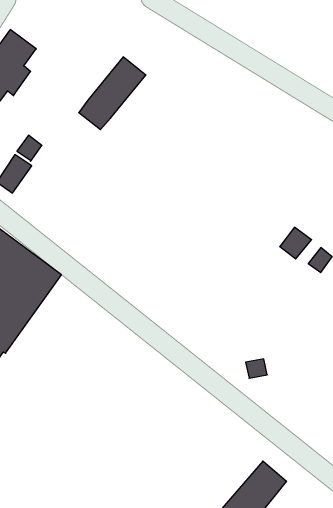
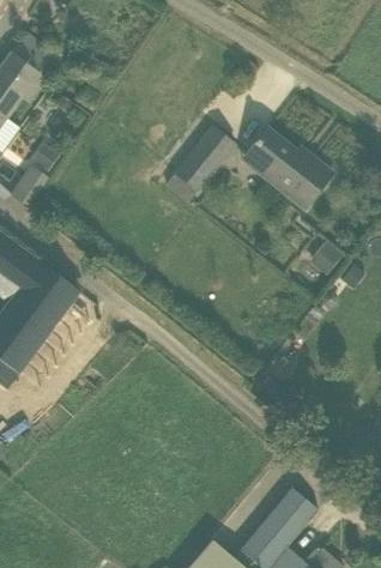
building: [79,57,146,130] -> [165,126,236,203]
building: none -> [247,127,333,209]

